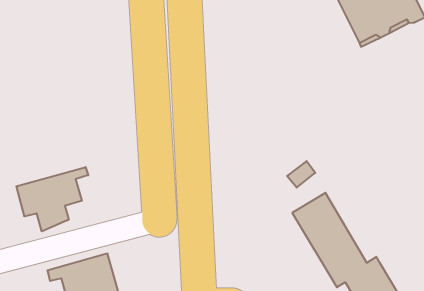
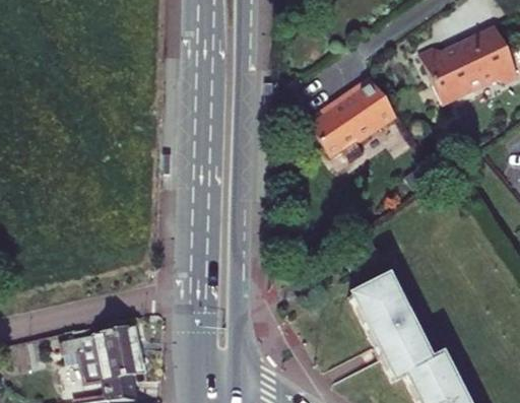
building: none -> [307,72,395,153]
building: [16,167,88,231] -> none

